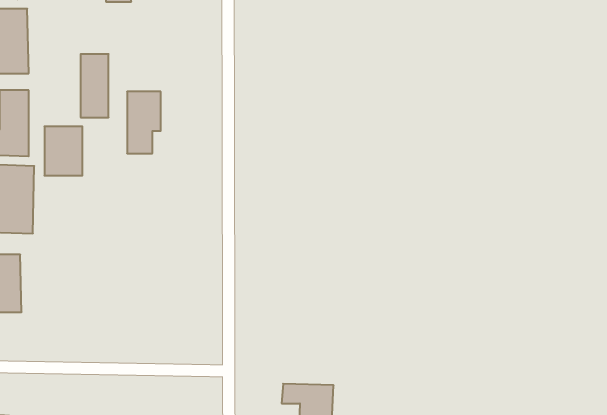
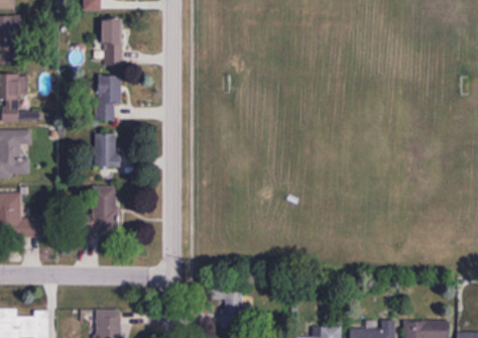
building: [81,54,109,117] -> [101,20,121,66]
building: [44,126,82,176] -> [94,133,121,168]
building: none -> [91,187,117,231]

